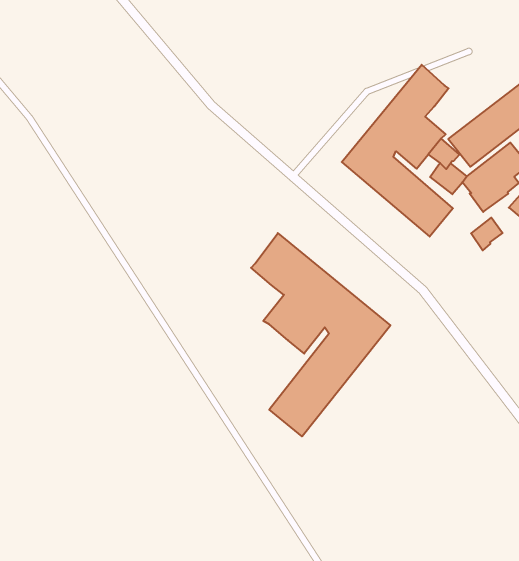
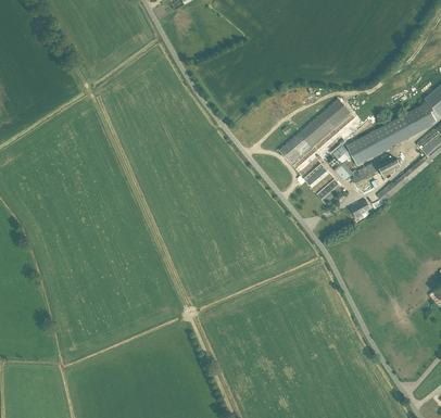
building: [251,233,390,436] -> none

